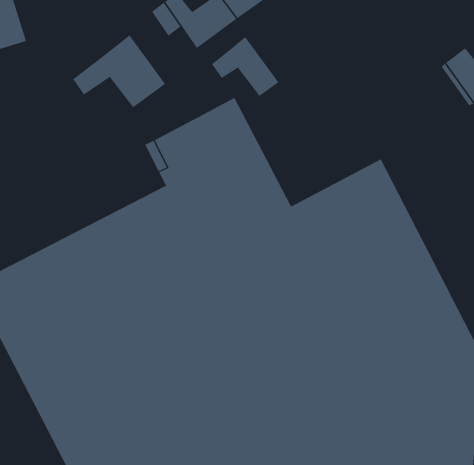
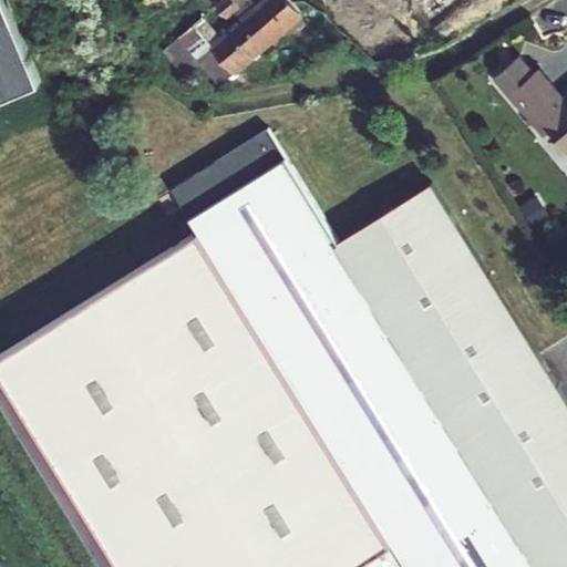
building: [72,35,166,108] -> none
building: [211,36,279,97] -> none

